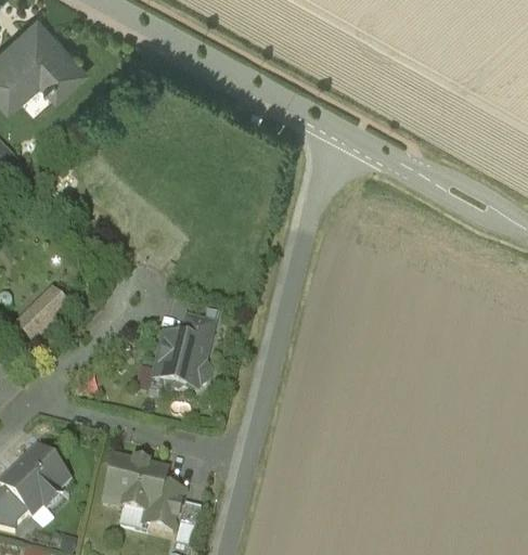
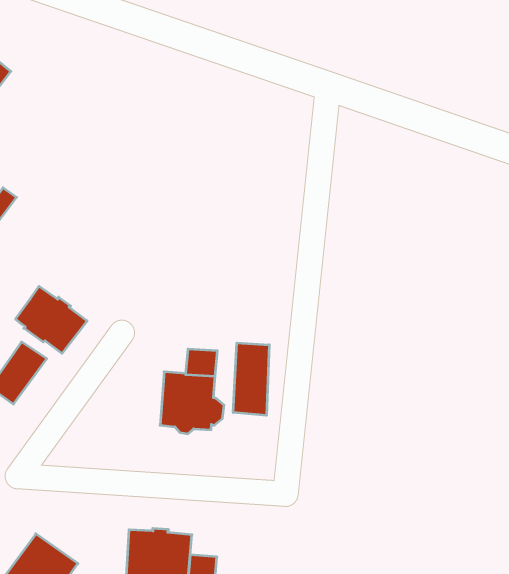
building: none -> [16,286,87,353]
building: none -> [233,343,269,415]

